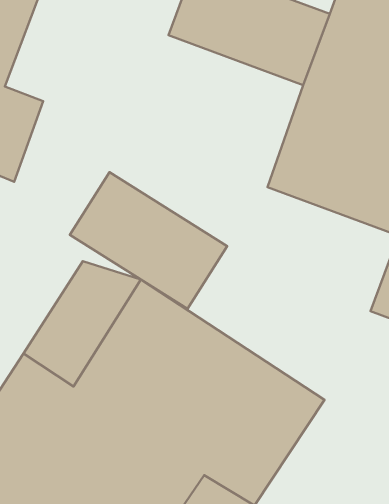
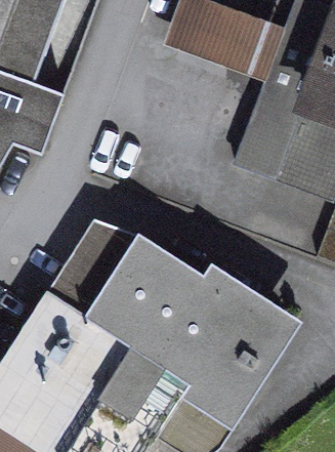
building: [70,172,227,309] -> none

